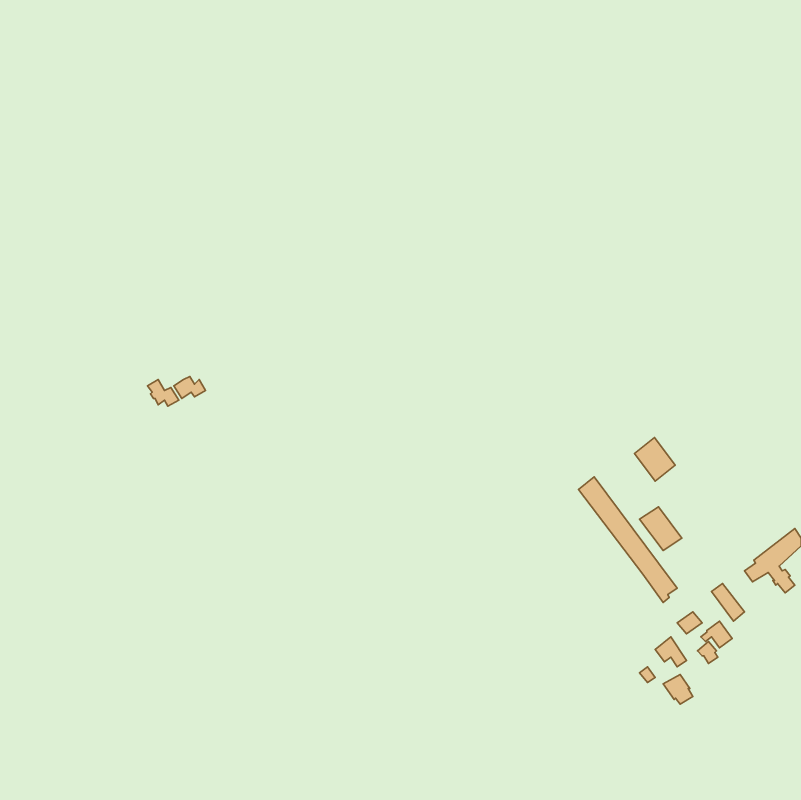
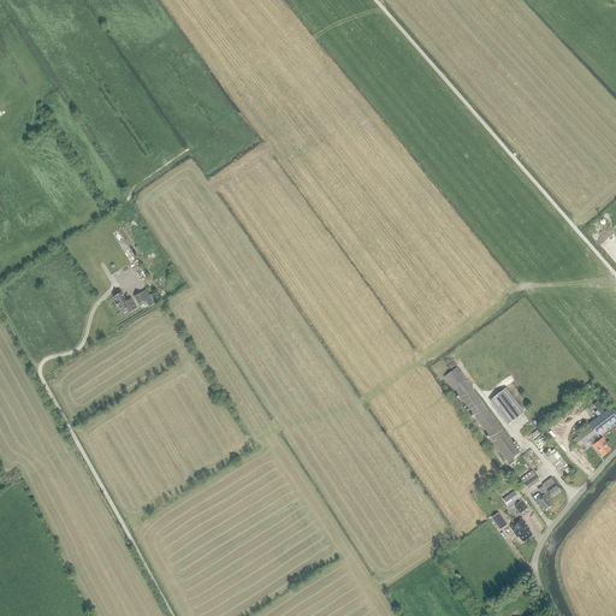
building: [635,437,675,481] -> none

